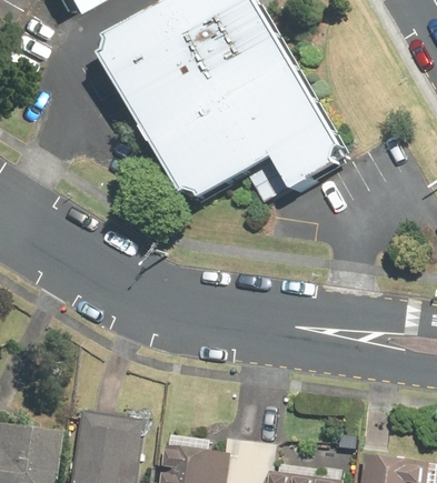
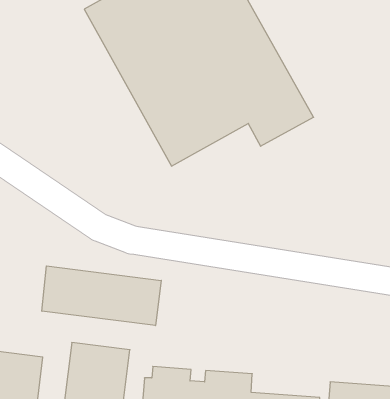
building: none -> [42,266,161,326]

